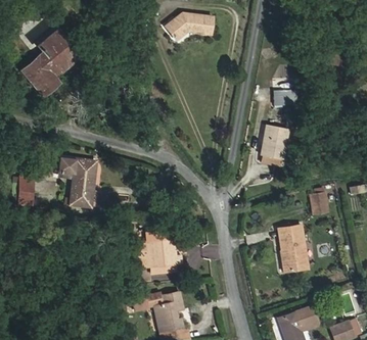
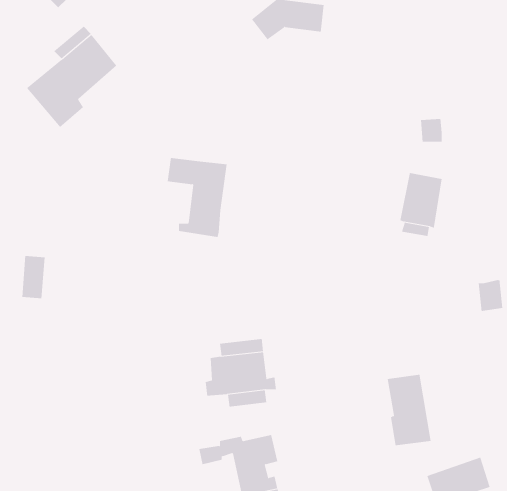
building: [57,156,96,207] -> [167,158,228,237]
building: [279,225,308,271] -> [387,374,431,446]

